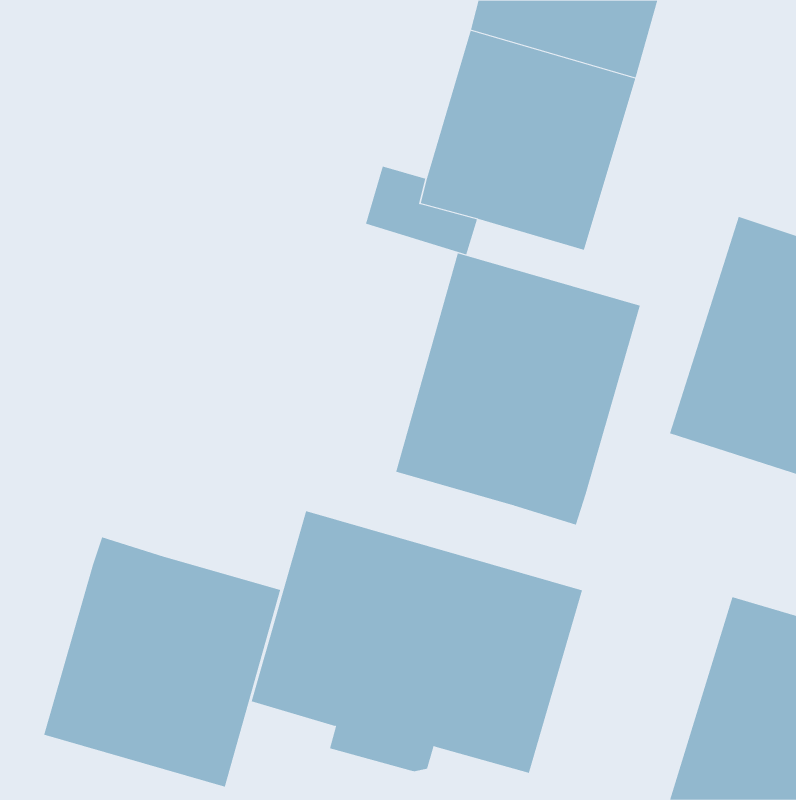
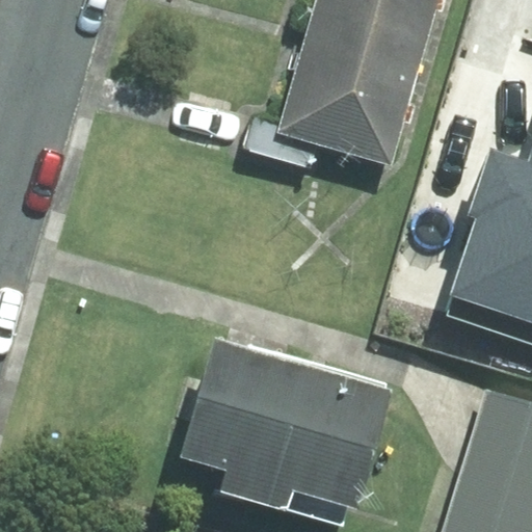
building: [395,252,640,525] -> none
building: [44,537,281,787] -> none

